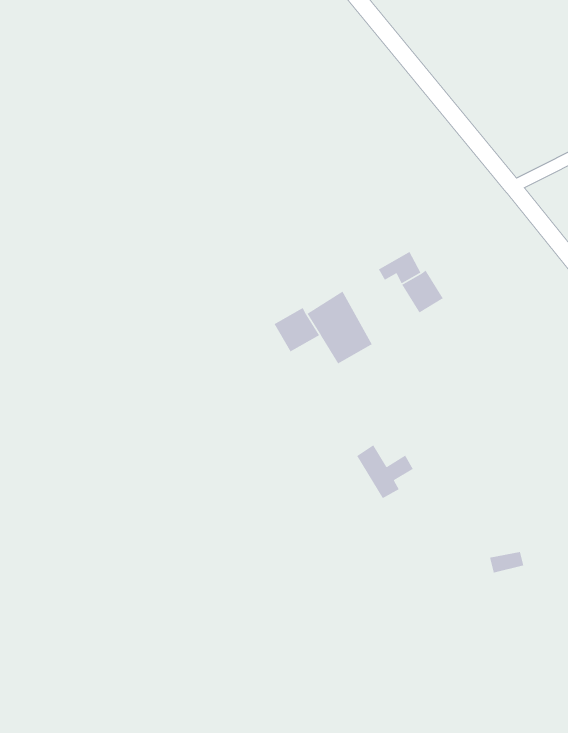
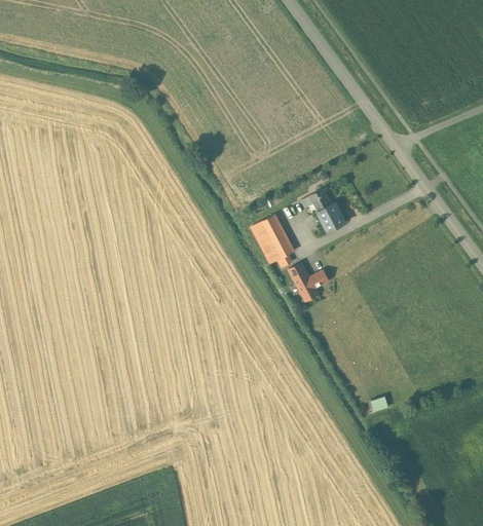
building: [273,307,320,352] -> none
building: [356,444,414,499] -> [289,263,328,301]

